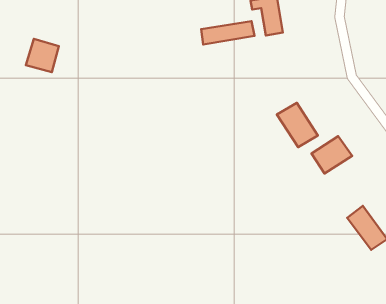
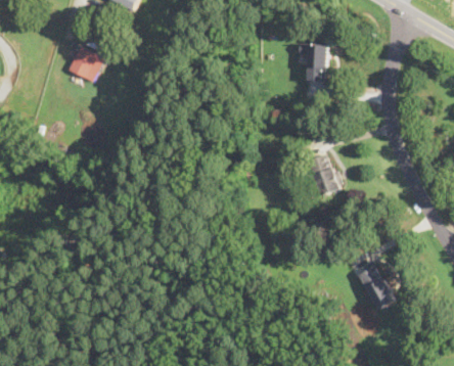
building: [201,21,255,44] -> none
building: [312,136,352,173] -> none

